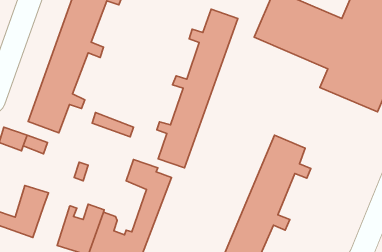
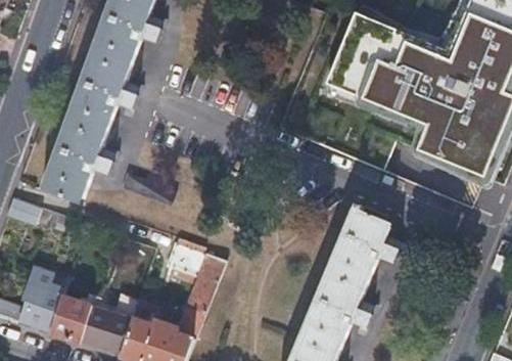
building: [157,9,238,168] -> none
building: none -> [47,296,92,345]

